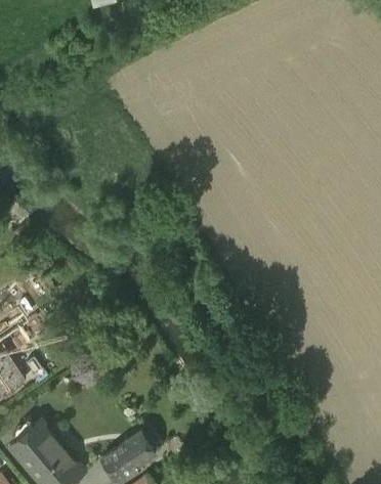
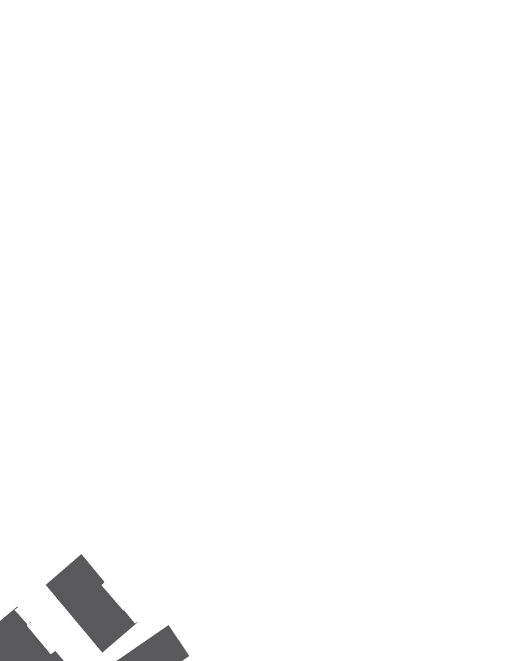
building: none -> [44,553,139,654]

